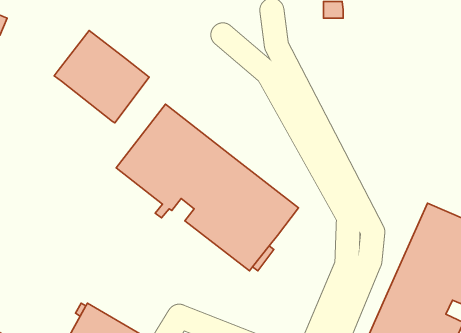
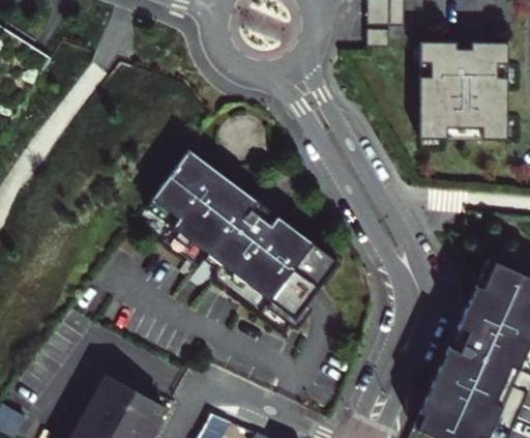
building: none -> [423,49,512,146]
building: [54,30,149,123] -> none

